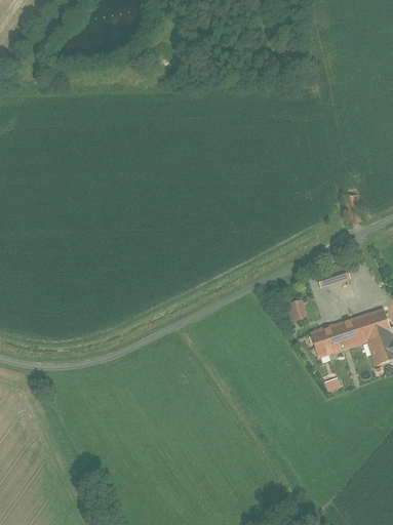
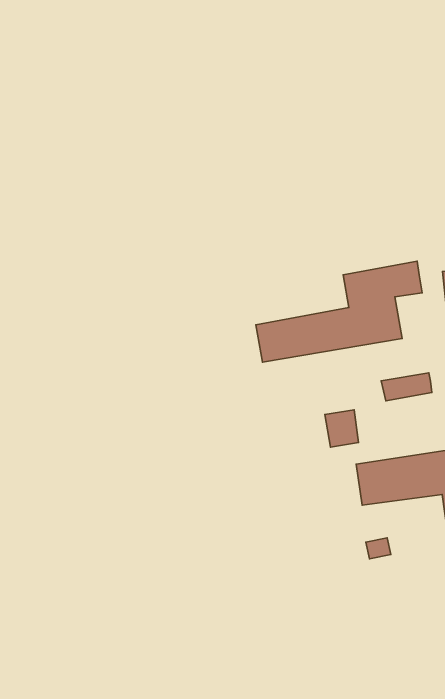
building: none -> [256,261,422,362]

